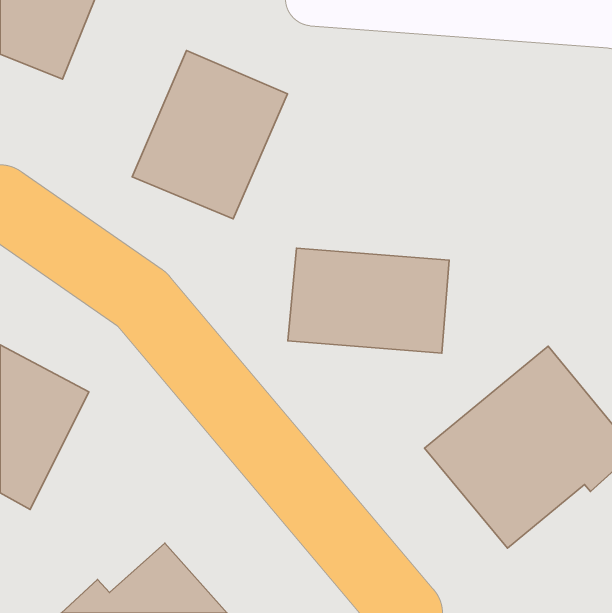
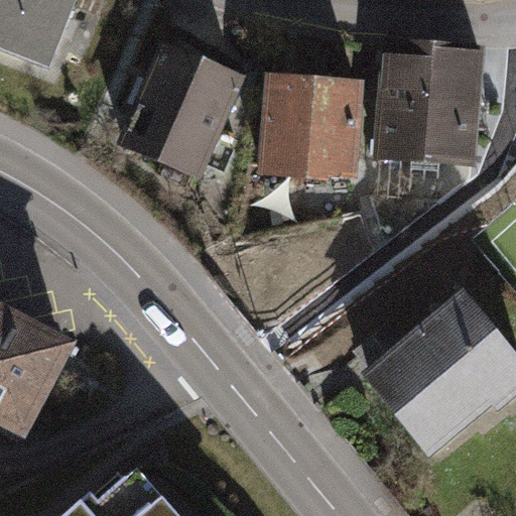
building: none -> [374,40,483,167]
building: none -> [254,73,363,184]
building: [288,248,449,353] -> none

